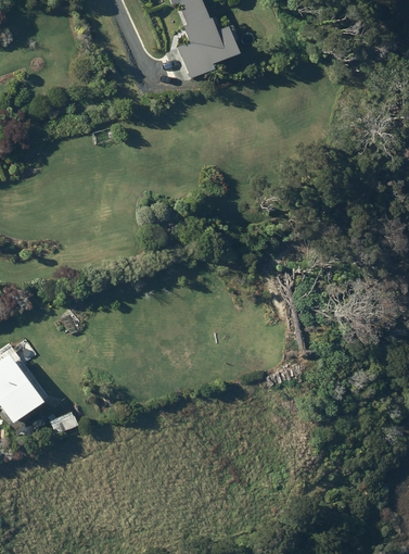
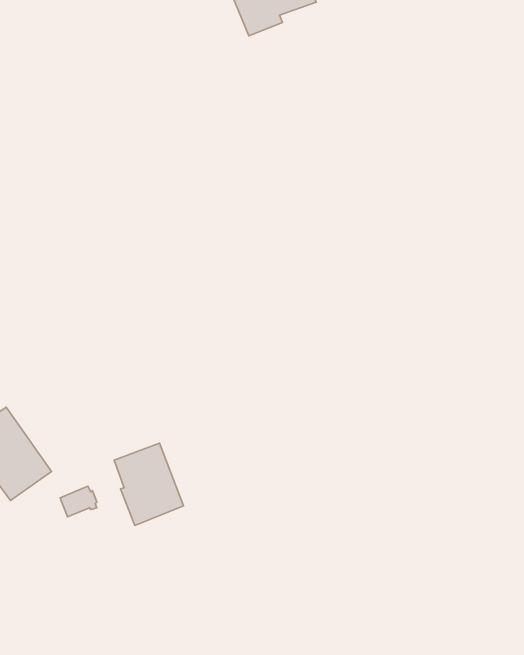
building: none -> [114,443,184,525]

